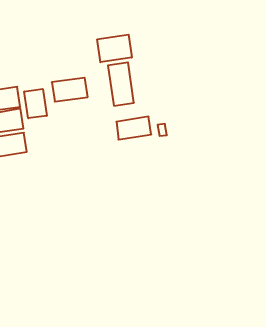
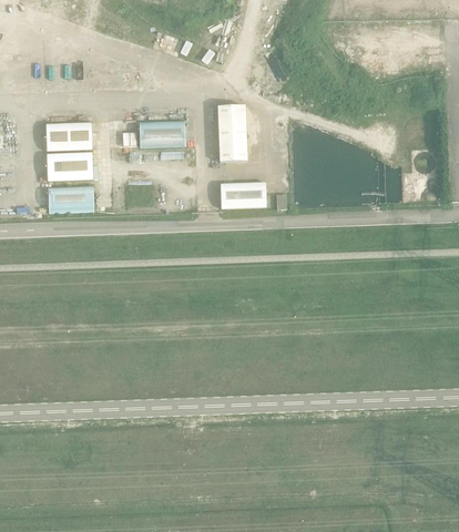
building: [97,35,132,62] -> none
building: [24,89,47,118] -> none

